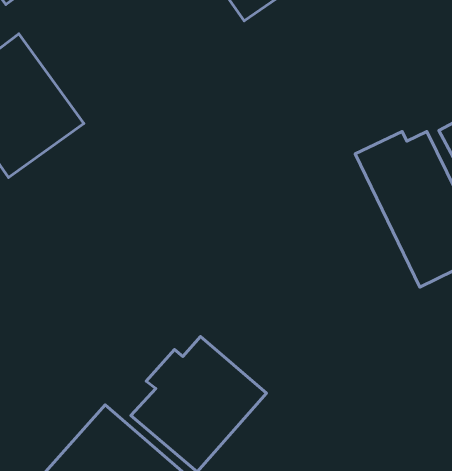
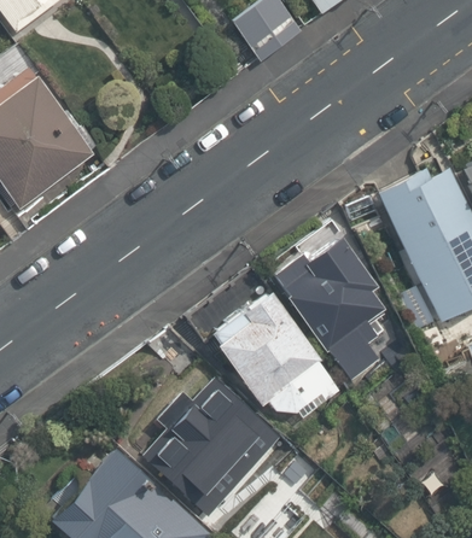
building: none -> [275,232,395,382]
building: none -> [214,287,346,421]

